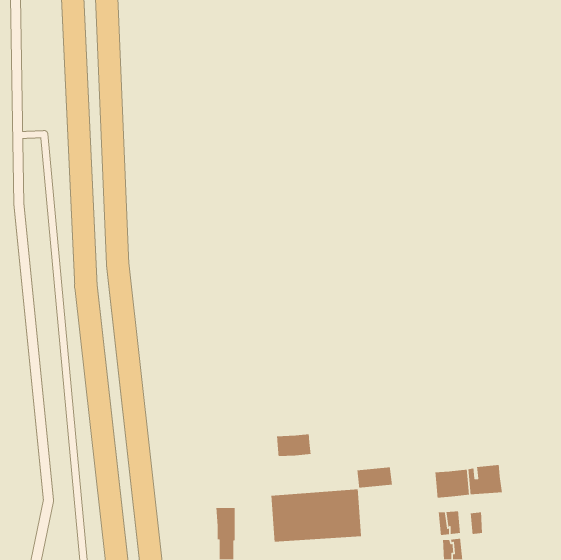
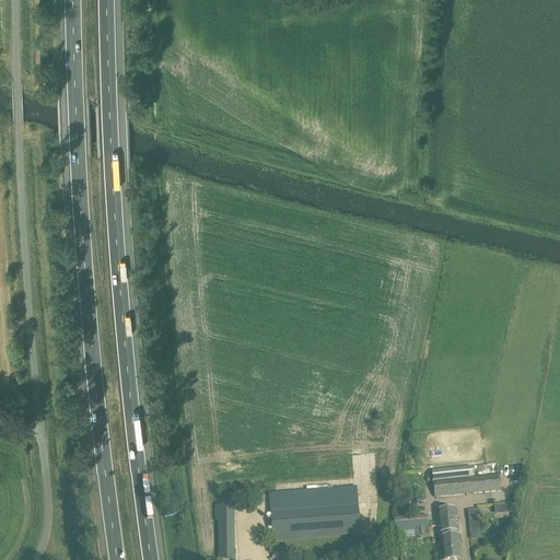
building: [276,434,311,457] -> none
building: [356,466,393,488] -> [394,515,430,537]

